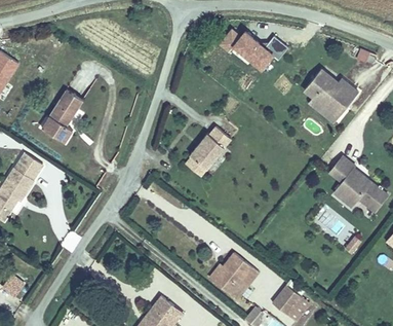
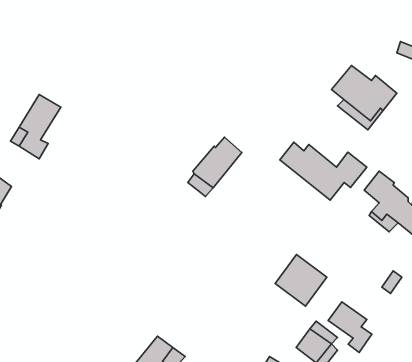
building: [220,28,290,75] -> [280,142,367,200]
building: [214,250,257,292] -> [275,255,327,306]
building: none -> [328,302,372,352]

